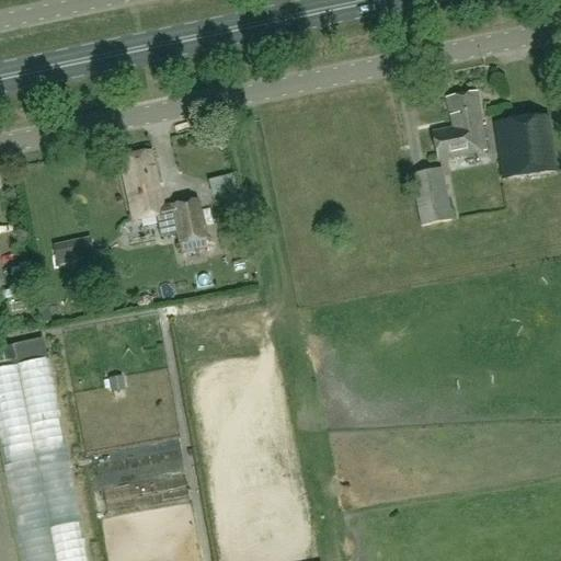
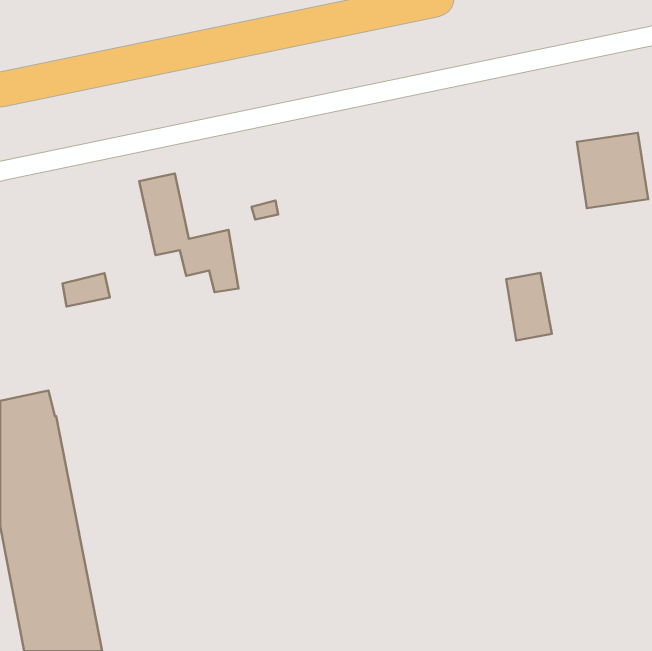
building: [433,90,486,159] -> none
building: [412,168,451,226] -> [506,273,552,340]

